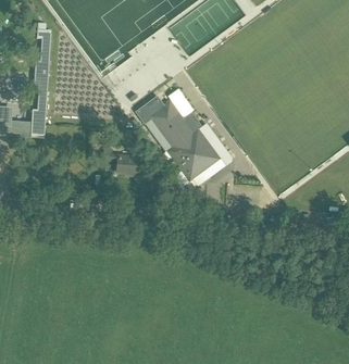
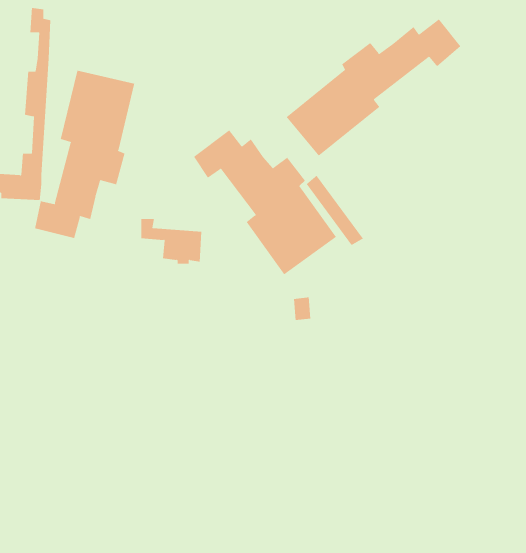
building: none -> [286,19,461,156]
building: none -> [34,70,135,239]

